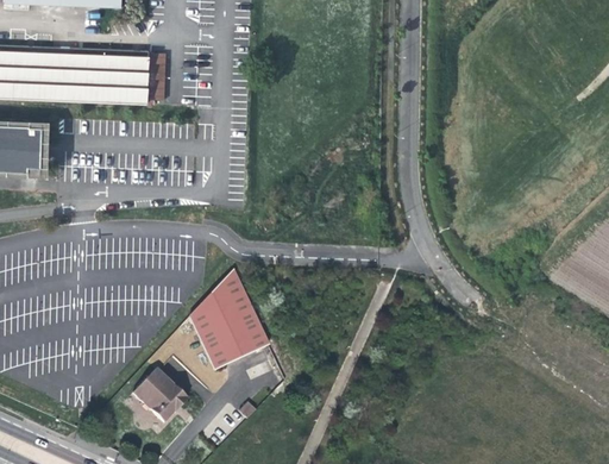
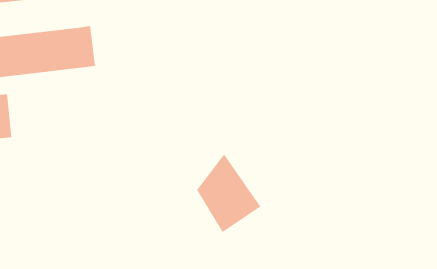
building: [190,271,269,371] -> [196,153,261,233]

